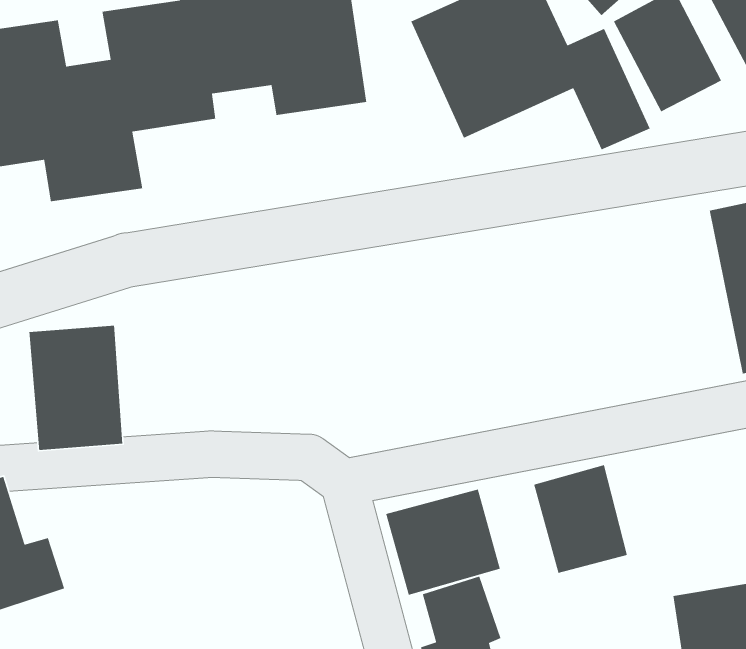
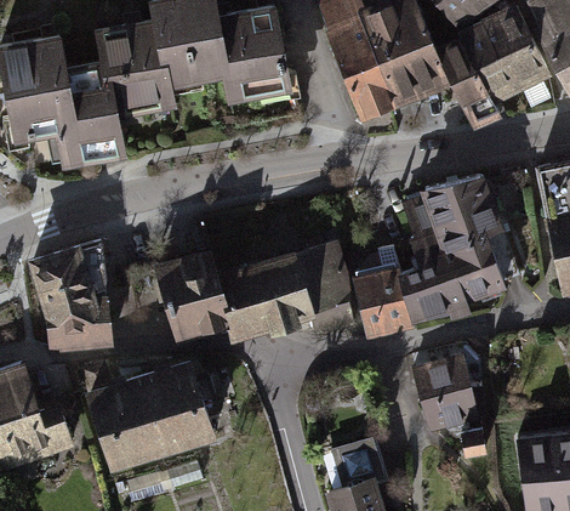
building: none -> [354,180,506,339]
building: none -> [155,243,355,342]
building: none -> [87,363,212,471]
building: [385,489,501,596] -> none

